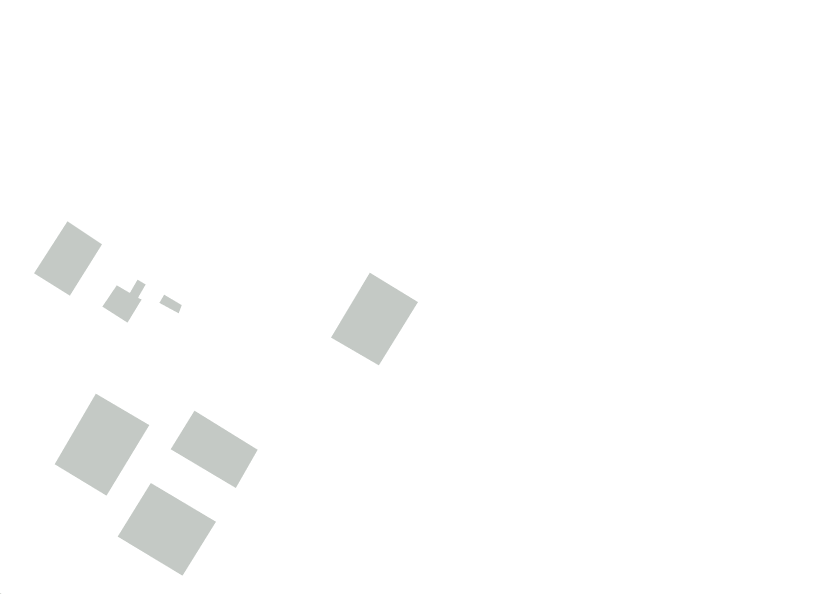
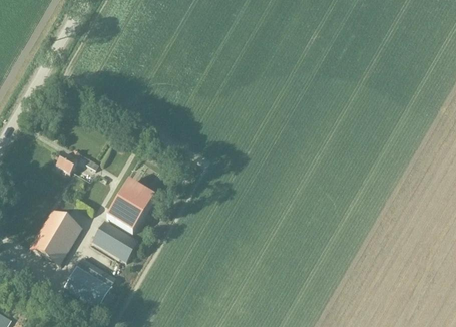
building: [33,220,103,297] -> none
building: [330,271,419,366] -> [106,181,153,231]

